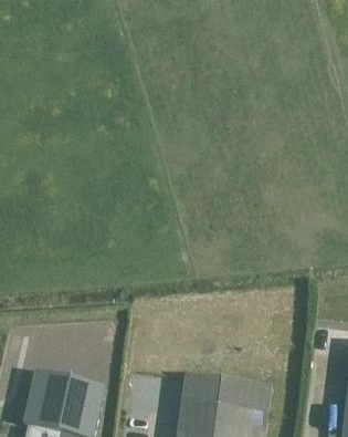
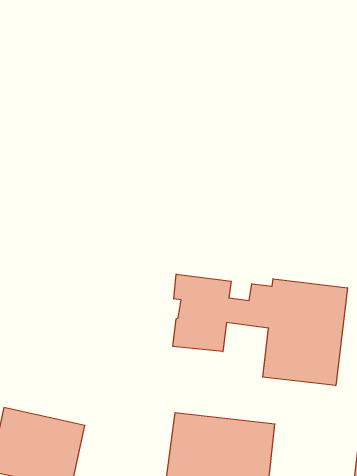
building: none -> [173,274,347,386]

